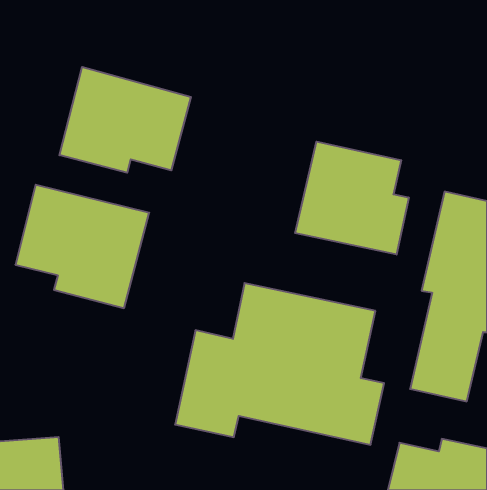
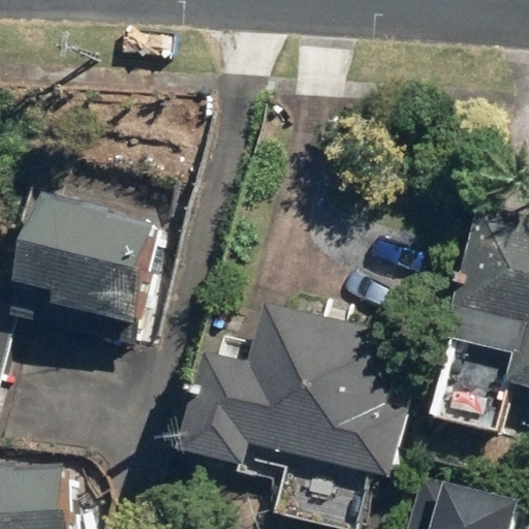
building: [59,67,191,173] -> none
building: [295,142,409,255] -> none

